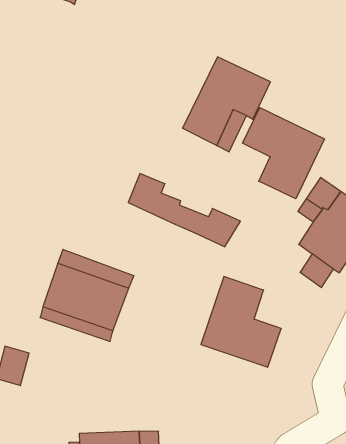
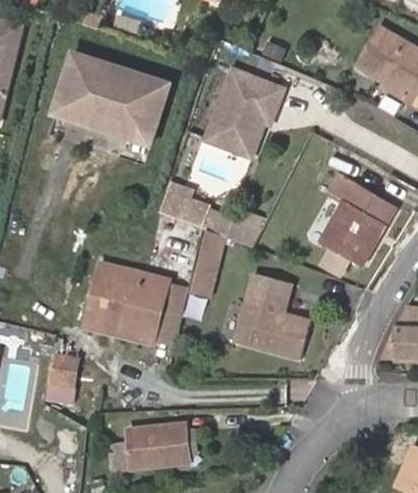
building: none -> [55,53,169,144]
building: [243,108,324,199] -> none
building: none -> [190,228,224,294]
building: none -> [153,292,187,340]

